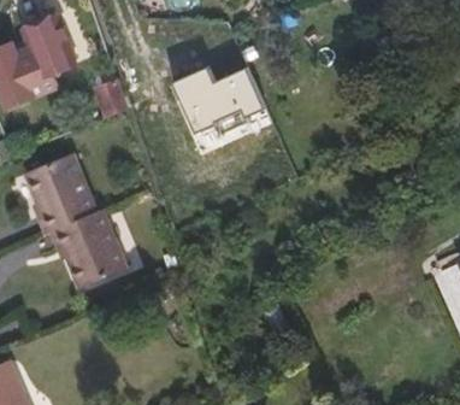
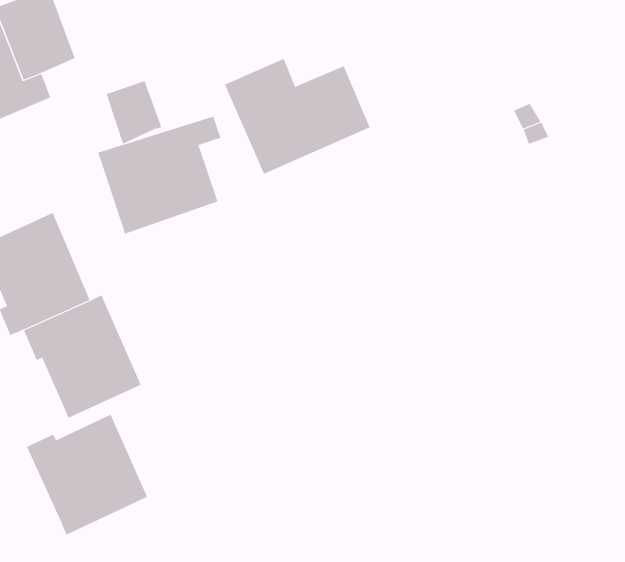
building: none -> [98,116,221,235]
building: none -> [26,414,148,535]

